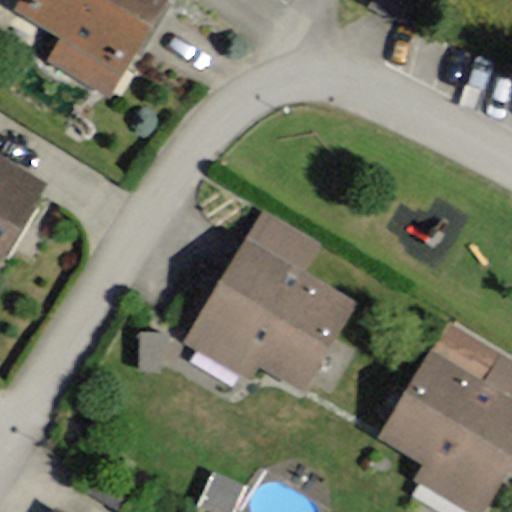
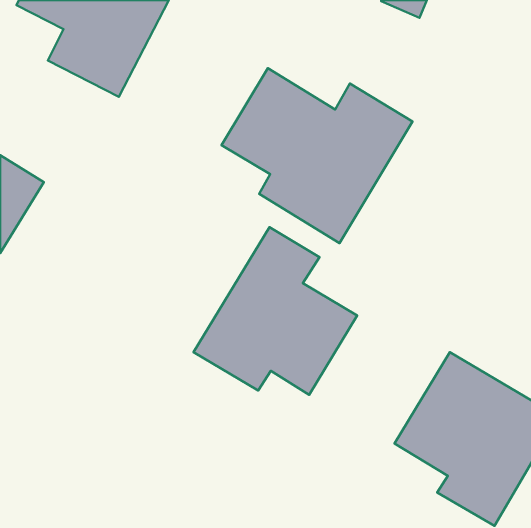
building: none -> [221,68,413,243]

